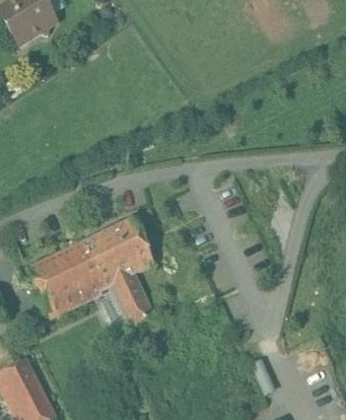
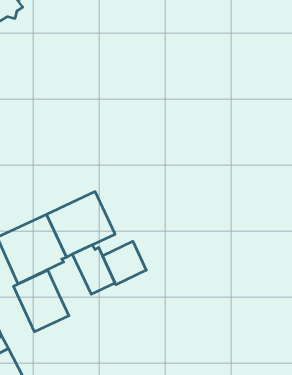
building: none -> [103,241,146,285]
building: none -> [14,270,69,332]

